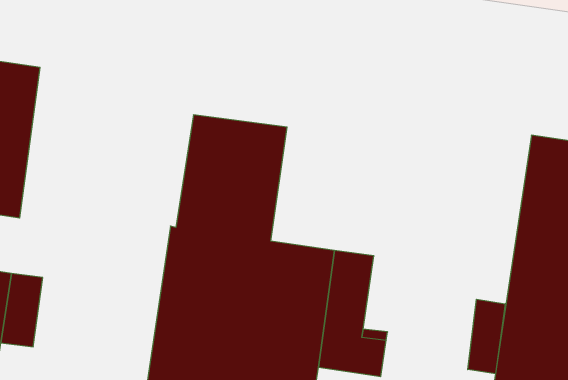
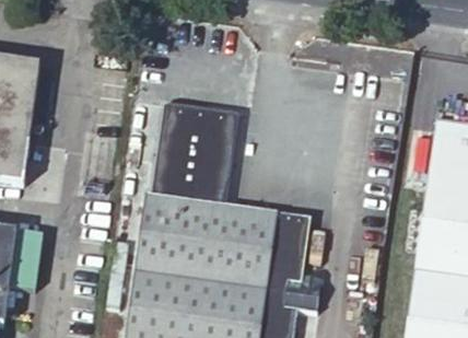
building: [468,299,505,374] -> none

